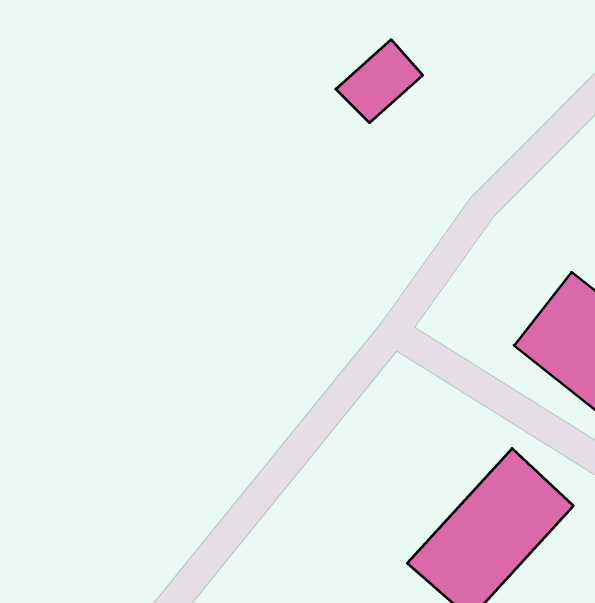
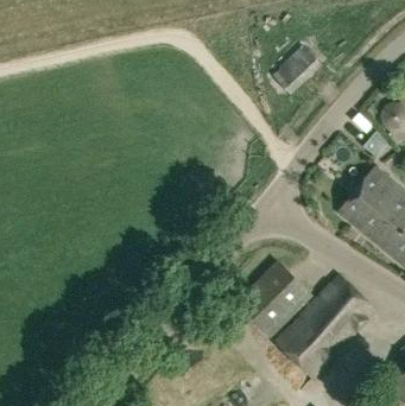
building: [336,40,423,123] -> [270,45,322,95]
building: none -> [236,261,311,336]

